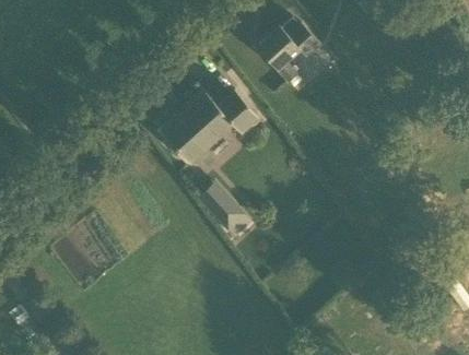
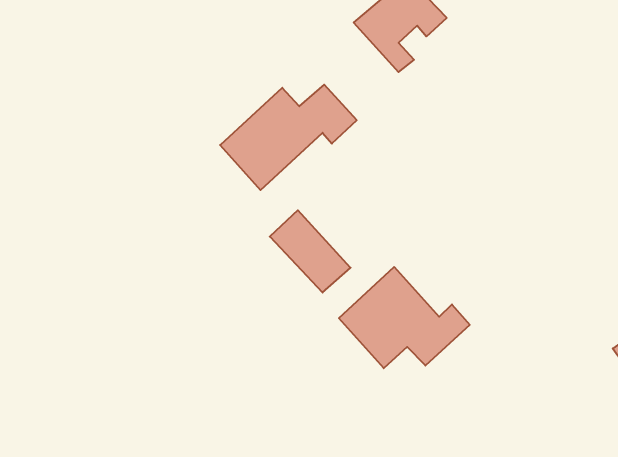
building: none -> [339,267,470,368]

